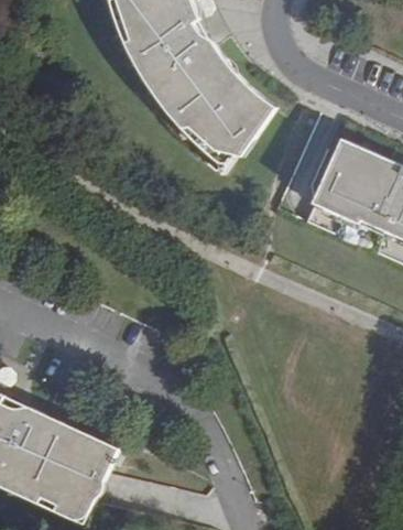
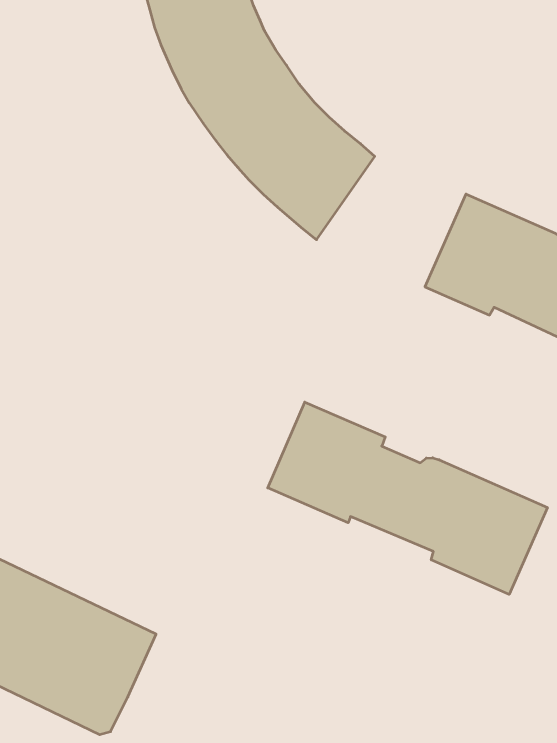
building: none -> [268,402,547,594]

